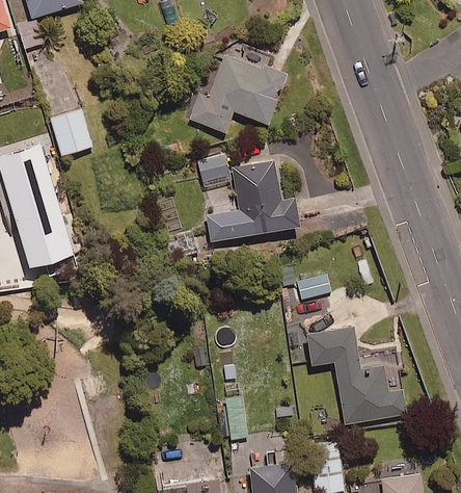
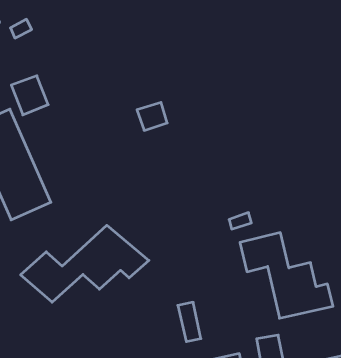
building: [192,61,289,139] -> none
building: [206,160,298,239] -> none
building: none -> [21,225,149,302]

